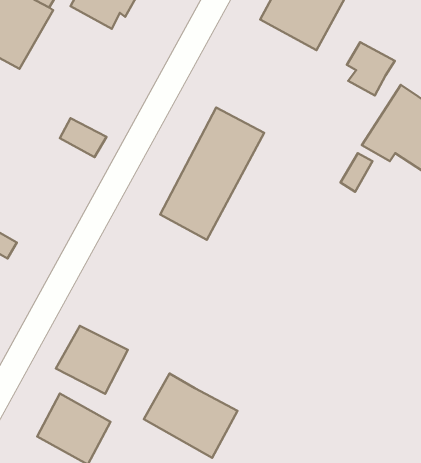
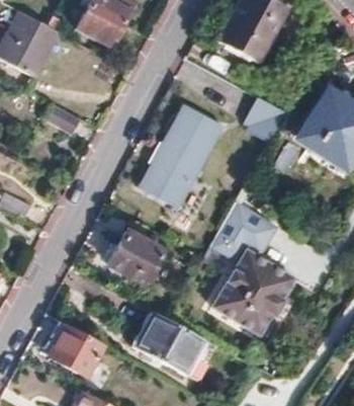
building: [347,42,395,95] -> [251,100,287,141]
building: none -> [211,200,294,334]
building: [56,326,128,394] -> [107,232,162,283]

